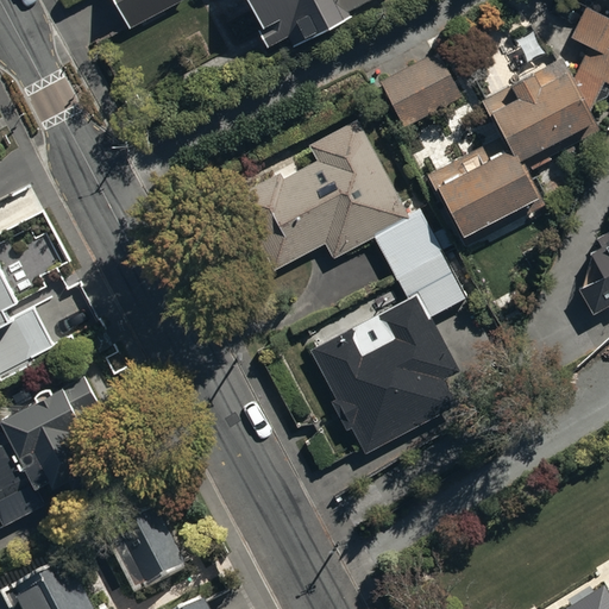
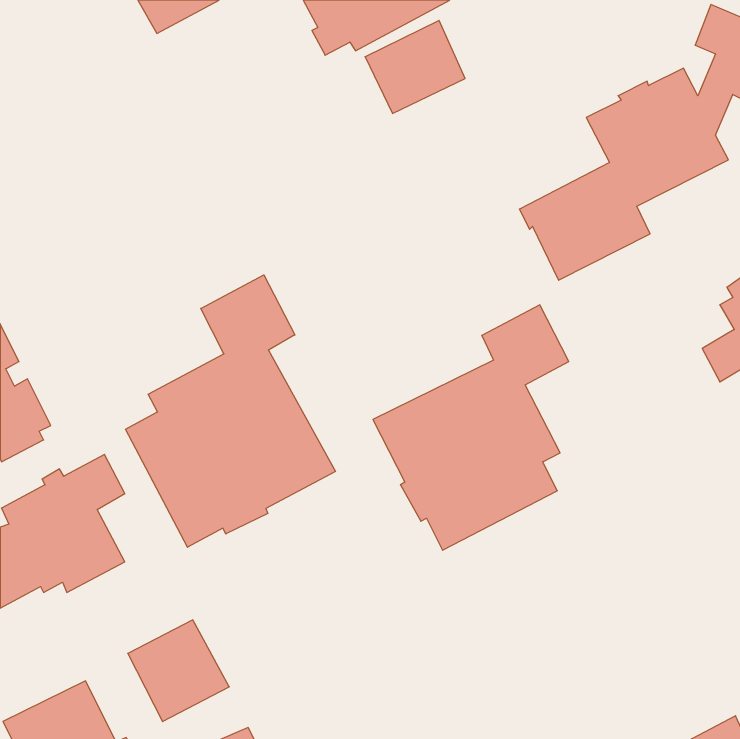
building: [379,52,462,128] -> [365,20,465,113]
building: [236,119,444,277] -> none
building: none -> [126,275,335,547]

